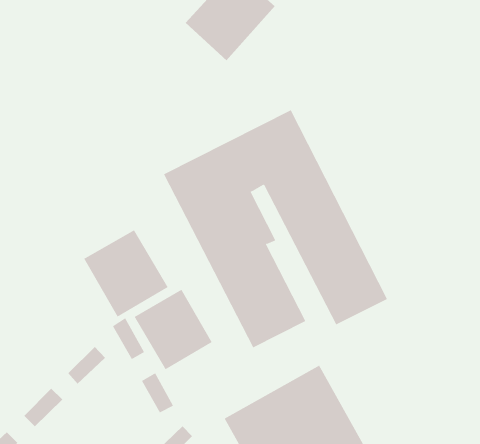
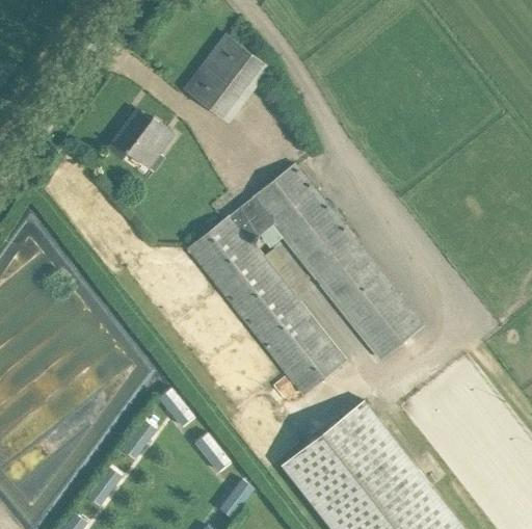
building: none -> [117,113,172,171]
building: [84,230,168,318] -> none
building: [134,289,212,370] -> none

